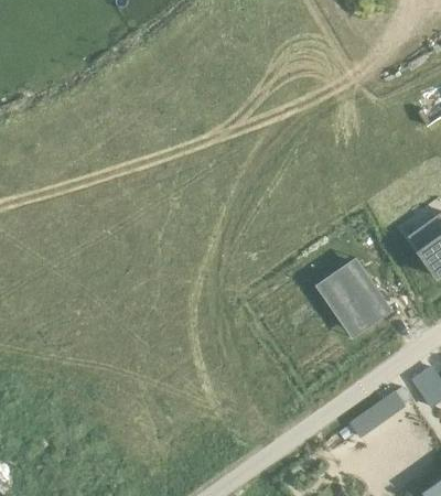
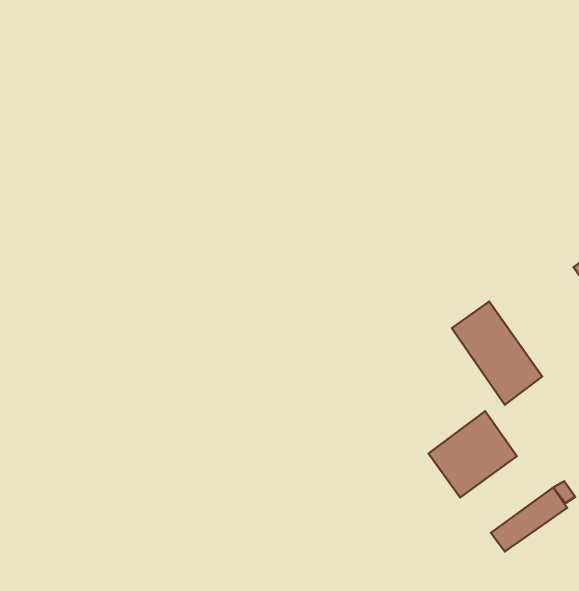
building: none -> [429,411,517,497]

